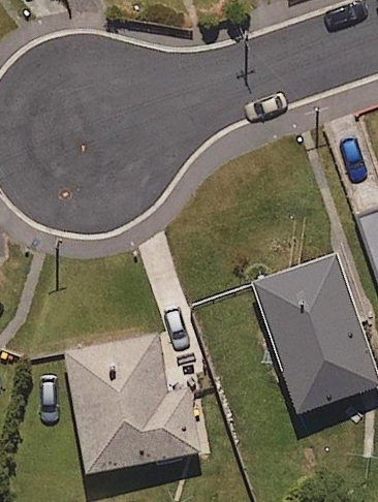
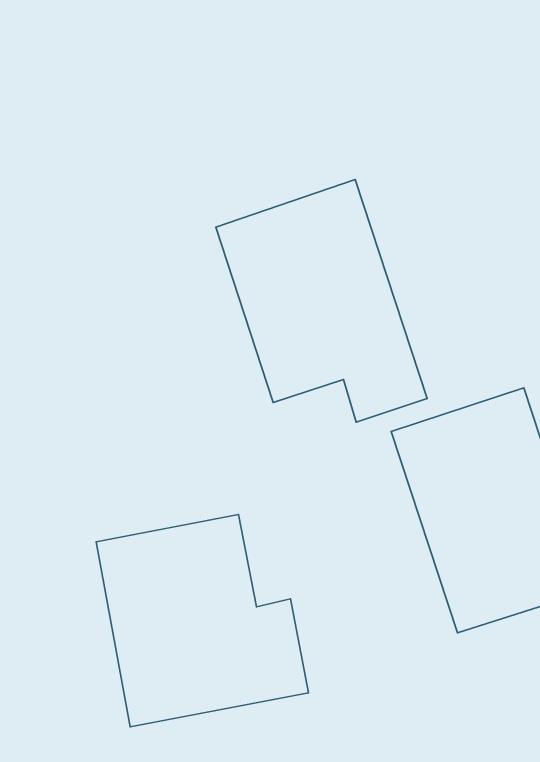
building: none -> [216,180,427,422]

